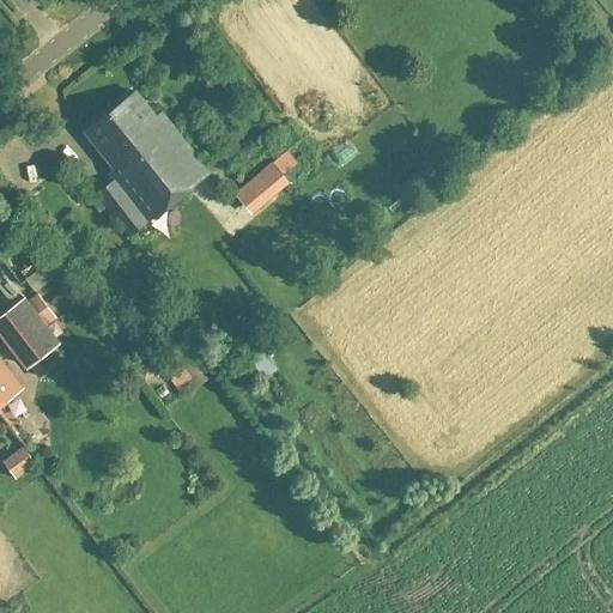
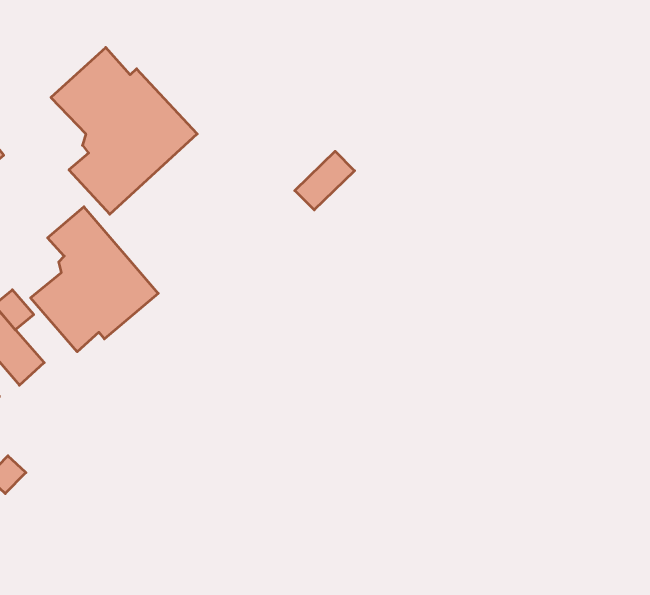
building: [236,153,289,202] -> [295,151,355,210]
building: none -> [31,207,158,352]

